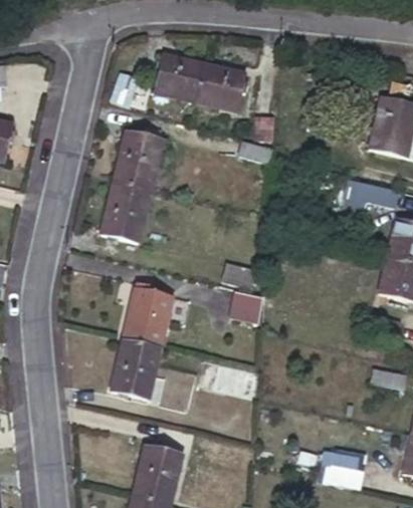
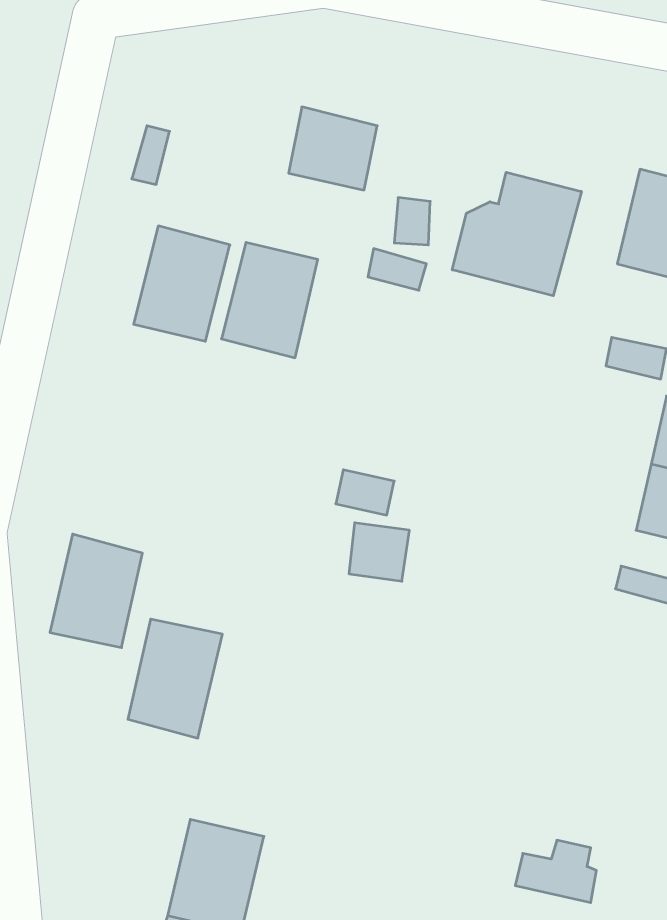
building: [153,56,203,100] -> none
building: none -> [452,172,581,296]
building: [100,181,152,242] -> [221,242,318,358]
building: [123,285,172,345] -> [50,534,142,648]

